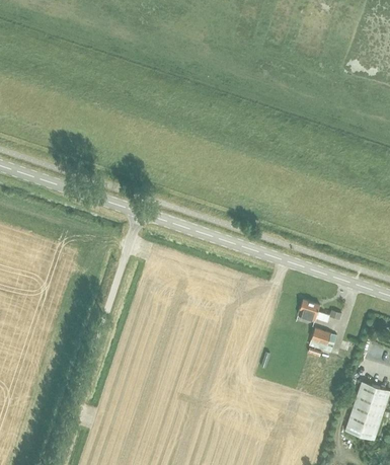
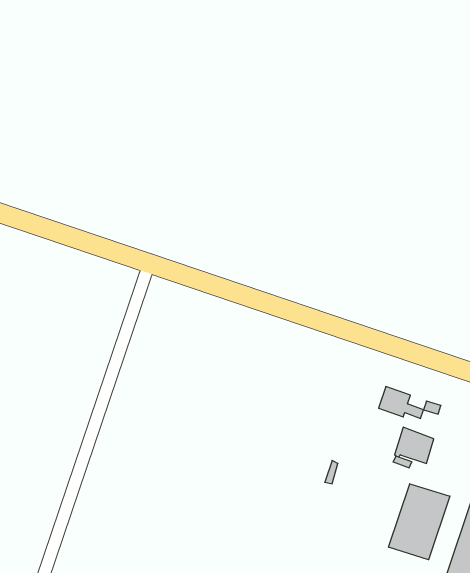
building: none -> [389,484,450,560]

